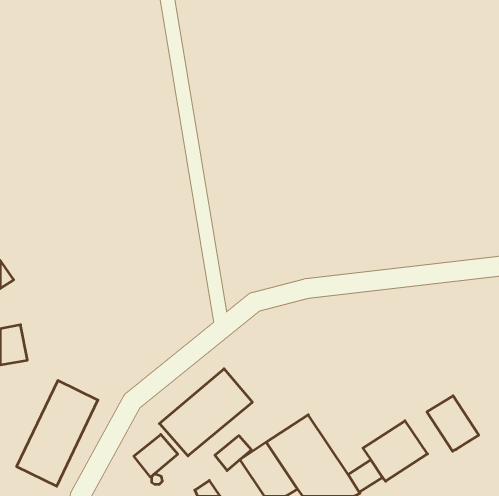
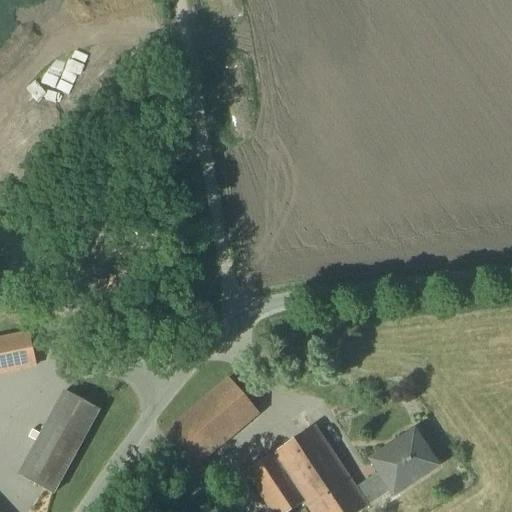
building: [427,396,479,451] -> none
building: [134,434,178,477] -> none
building: [215,436,251,471] -> none

